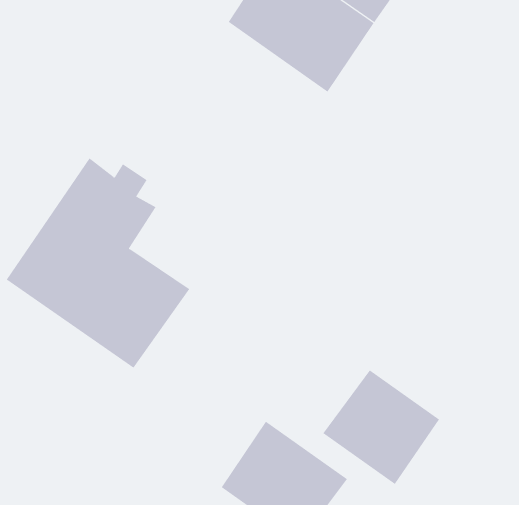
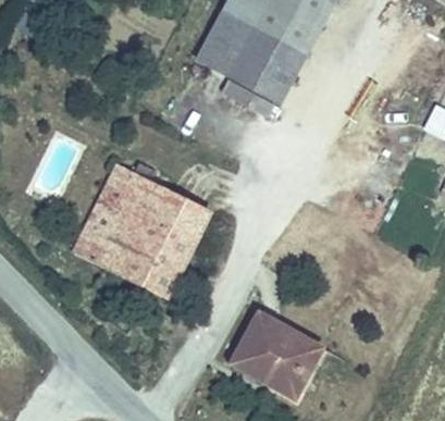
building: none -> [154,187,213,239]
building: [322,369,440,485] -> none

